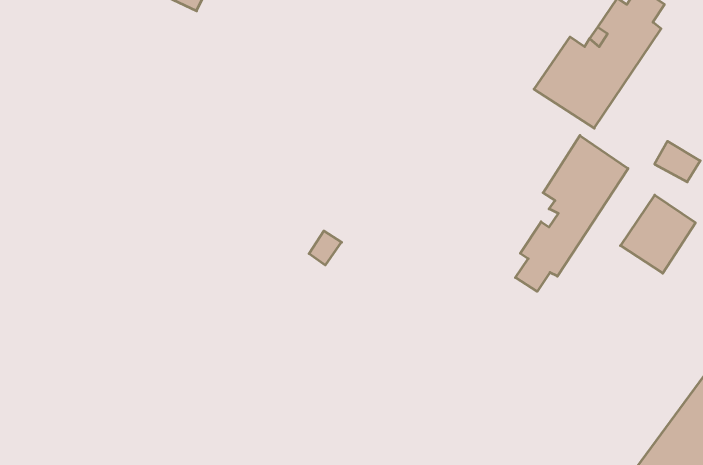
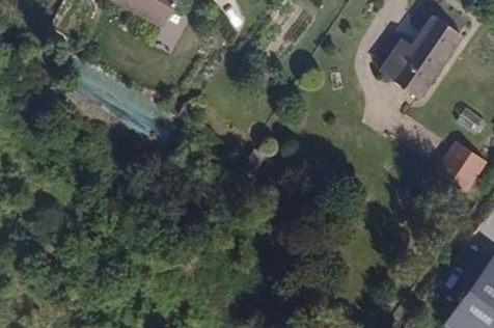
building: [515,135,628,291] -> none

